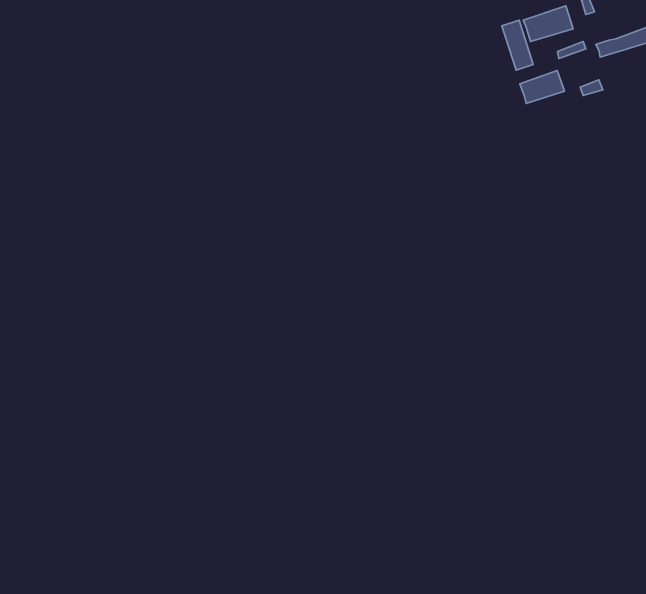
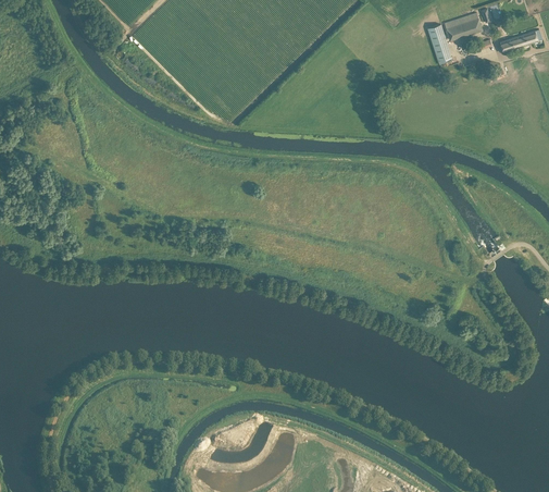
building: [520,70,564,103] -> none

